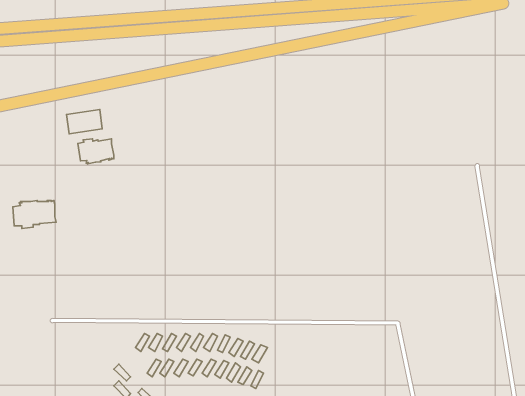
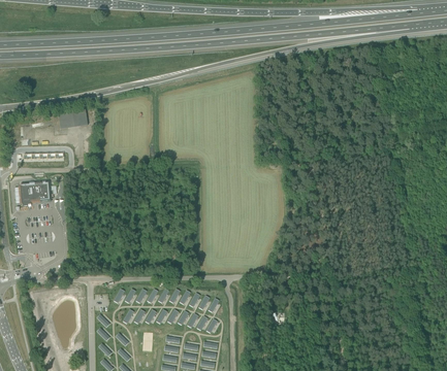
building: [78,139,114,164] -> none

